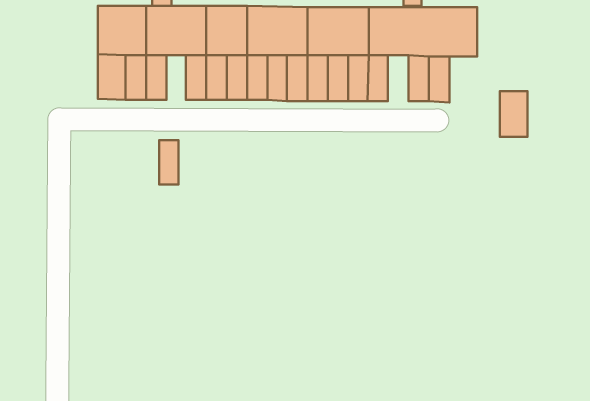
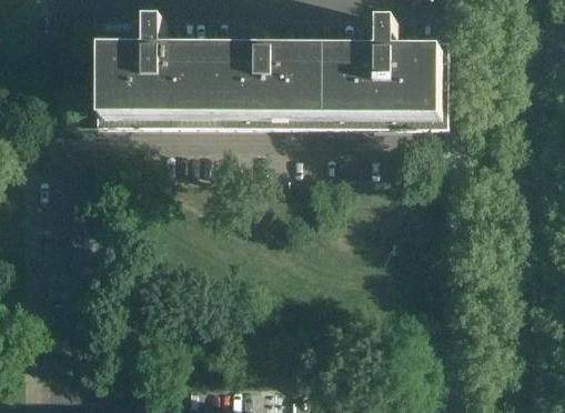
building: none -> [360,88,379,130]
building: [500,91,527,137] -> [416,89,442,131]
building: [159,140,179,185] -> [155,88,173,129]

